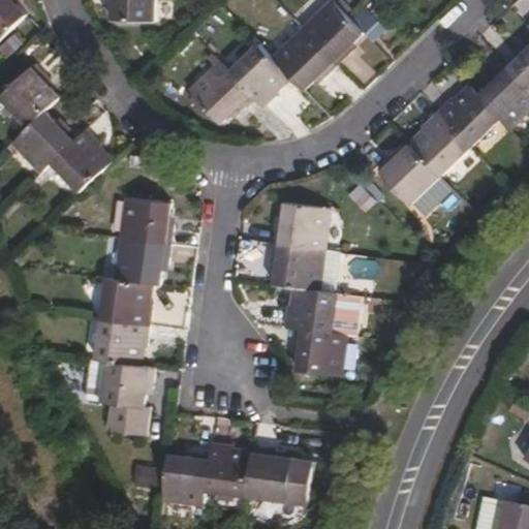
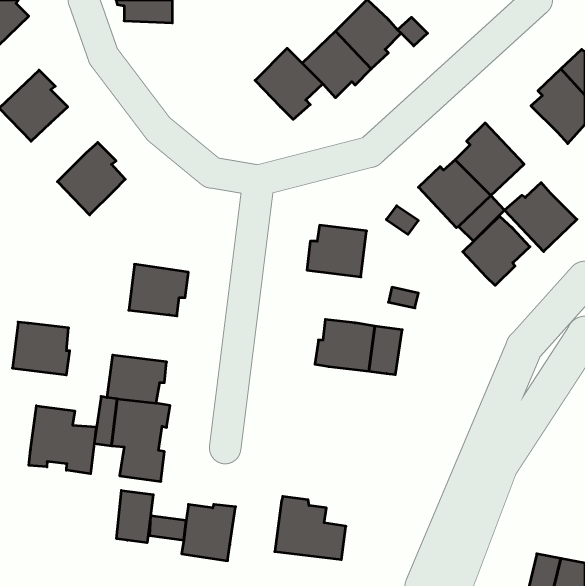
building: [188,62,252,123] -> none
building: [436,87,501,149] -> [505,183,577,252]
building: [12,112,77,175] -> none
building: none -> [463,216,530,285]
building: [121,197,172,246] -> none
building: [273,244,324,291] -> none
building: [101,279,153,326] -> [12,322,70,375]
building: [291,331,347,378] -> none
building: none -> [29,406,96,474]
building: none -> [117,490,153,543]
building: [207,442,253,497] -> none

